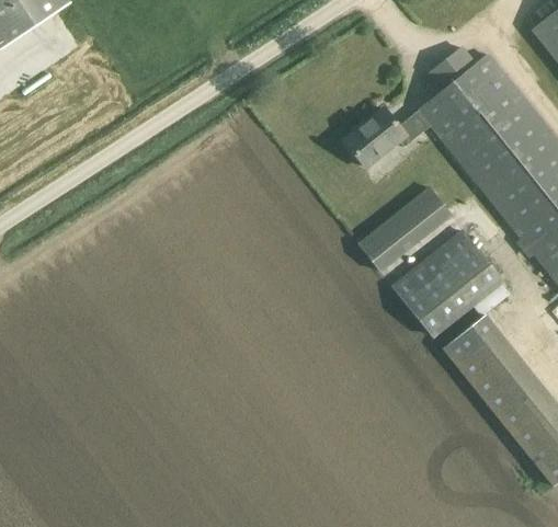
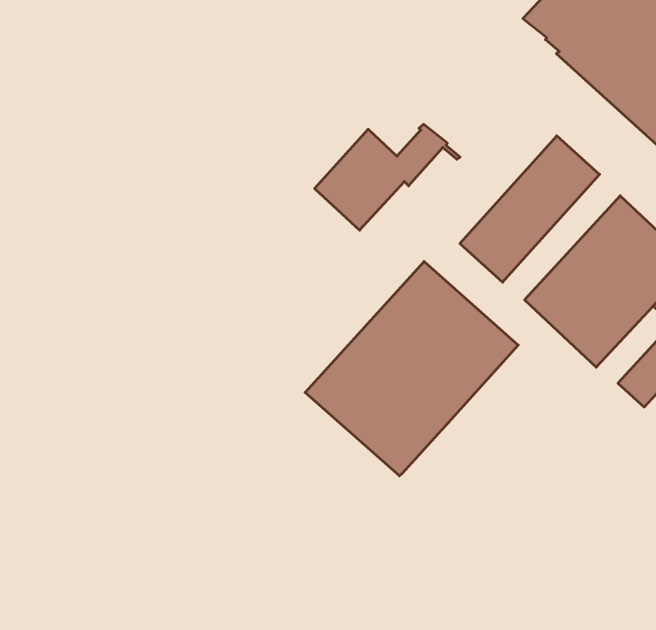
building: [344,107,439,170] -> [315,124,460,230]
building: none -> [305,261,518,476]

